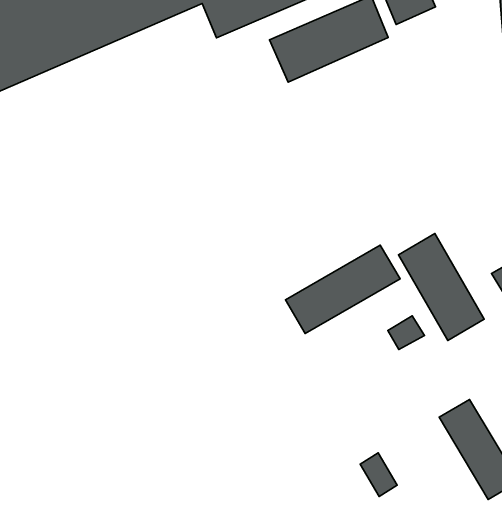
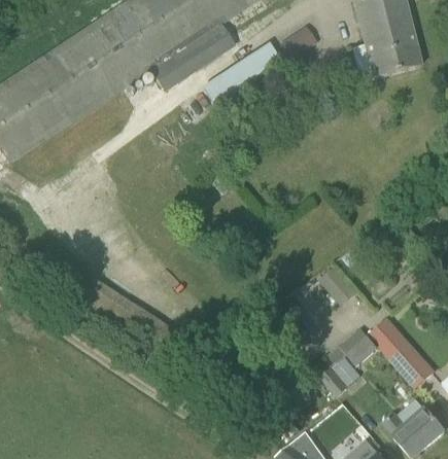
building: [398,233,484,341] -> none
building: [285,245,400,333] -> none
building: none -> [340,329,377,367]

